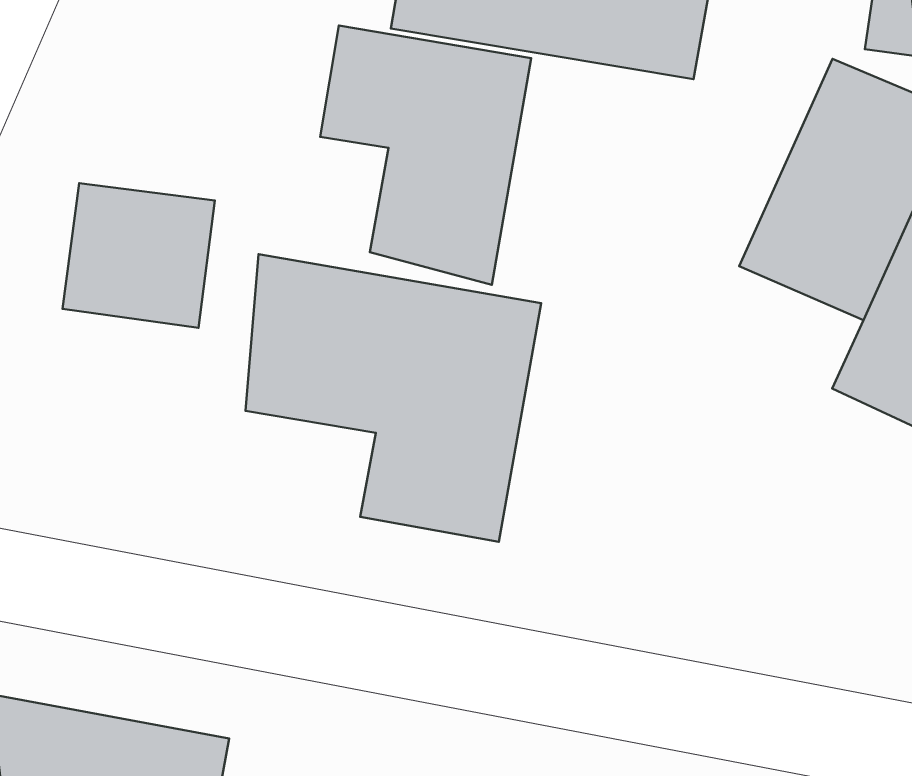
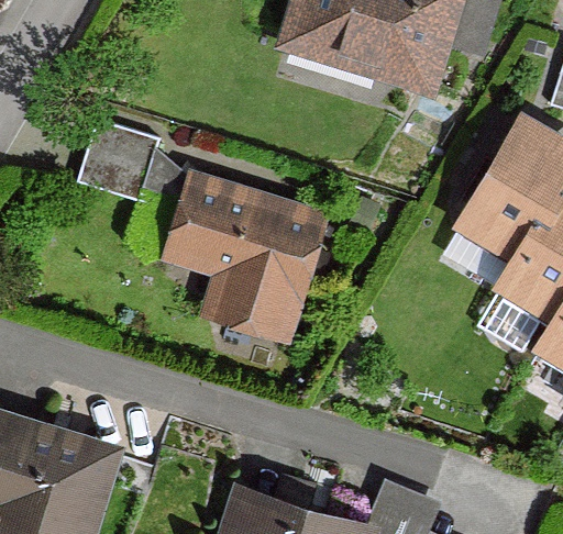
building: [320,26,531,285] -> none

